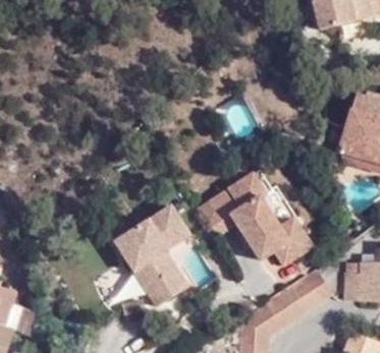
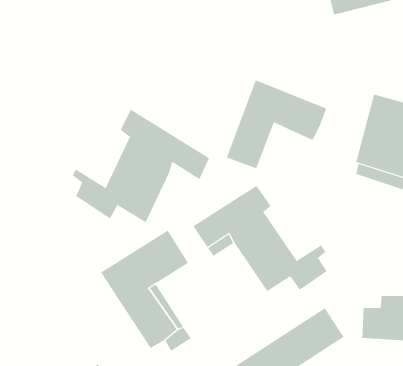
building: none -> [226,80,327,169]
building: none -> [72,109,210,223]

